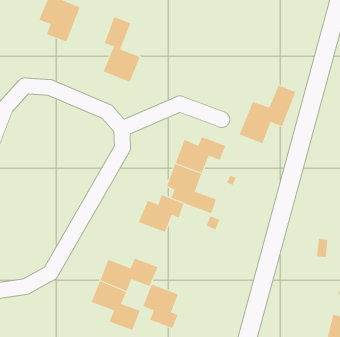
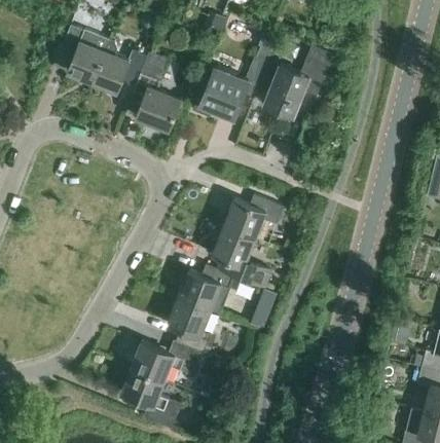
building: none -> [93,40,147,93]
building: none -> [191,57,268,120]
building: [239,85,296,144] -> [264,46,333,117]
building: [143,284,179,329] -> [168,298,211,353]

